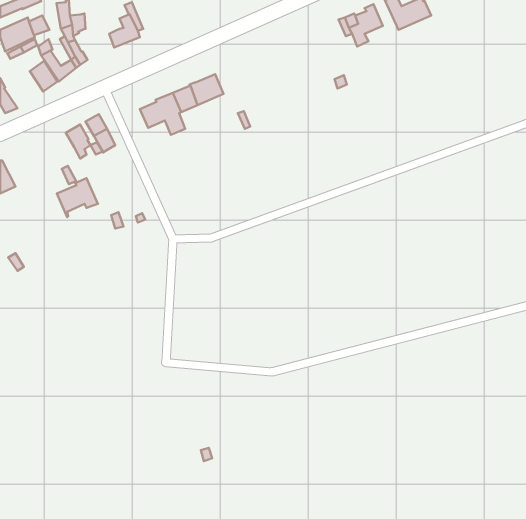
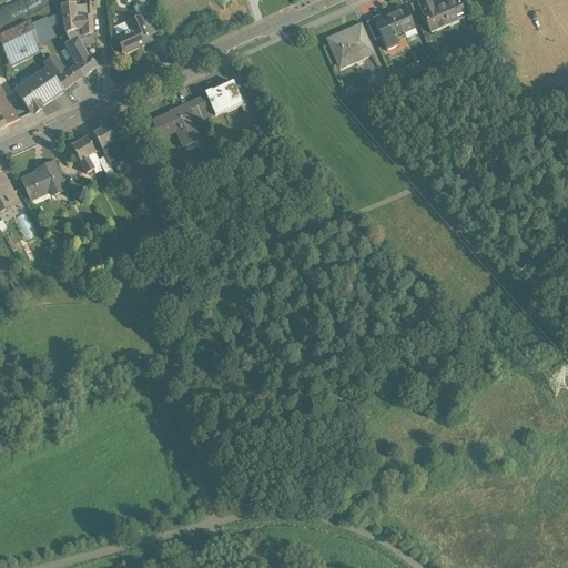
building: none -> [327,24,371,65]
building: none -> [16,77,47,110]
building: [57,178,98,217] -> [21,160,65,202]

